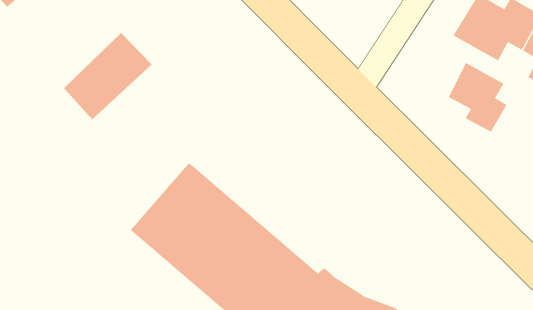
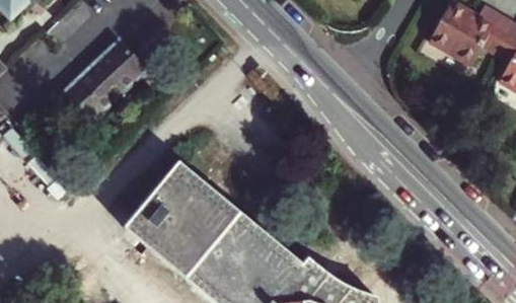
building: [448,62,507,132] -> none

